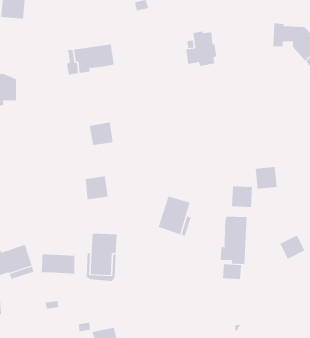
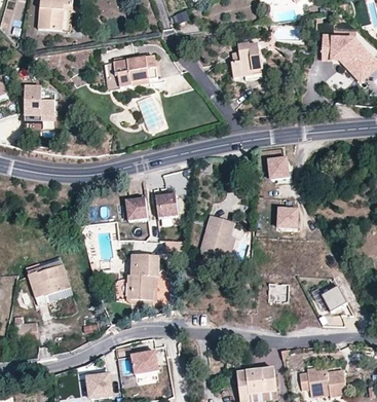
building: [89,122,113,145] -> [155,189,181,214]
building: [255,166,278,189] -> [267,152,291,176]
building: [220,216,247,265] -> none
building: [280,235,305,259] -> [322,287,348,313]
building: [41,254,75,274] -> none

